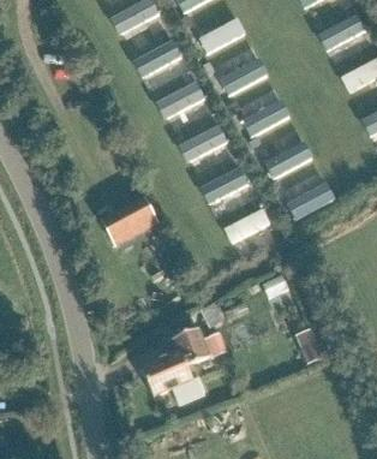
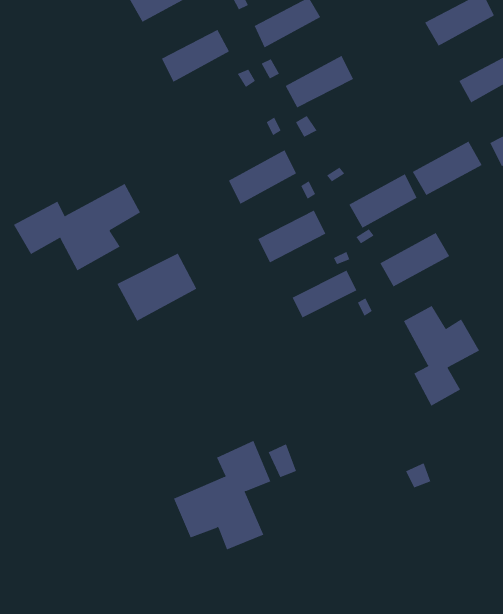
building: [155,81,204,118] -> none
building: [240,99,289,137] -> [412,141,482,196]
building: none -> [13,183,141,271]
building: none -> [403,305,480,407]

